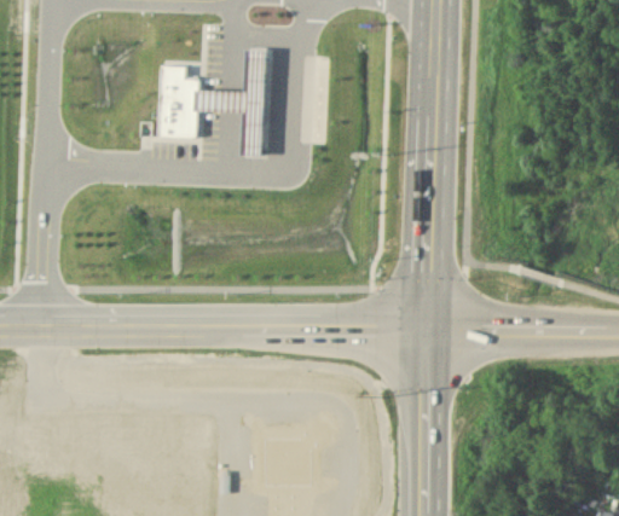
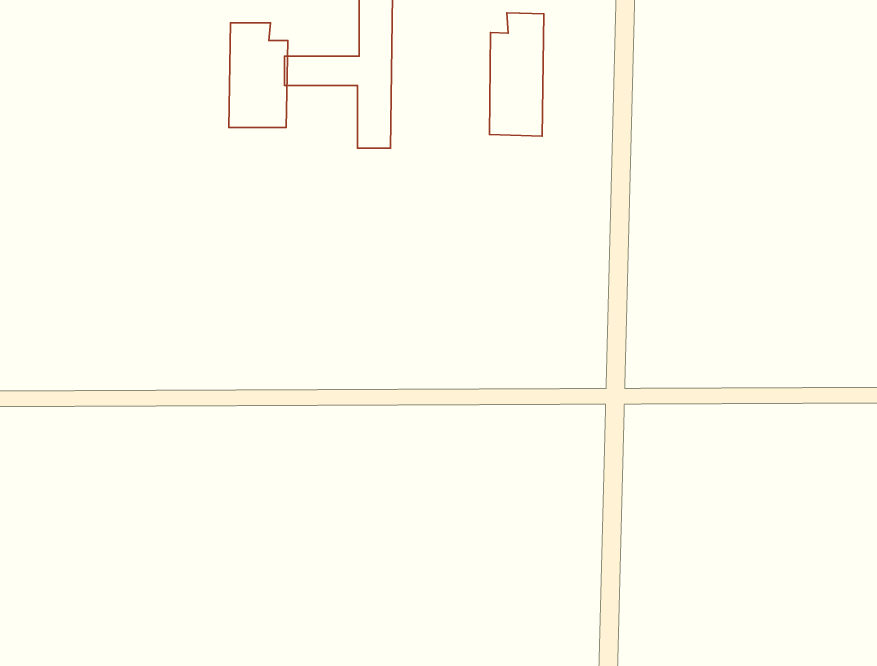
building: none -> [490,13,544,136]

